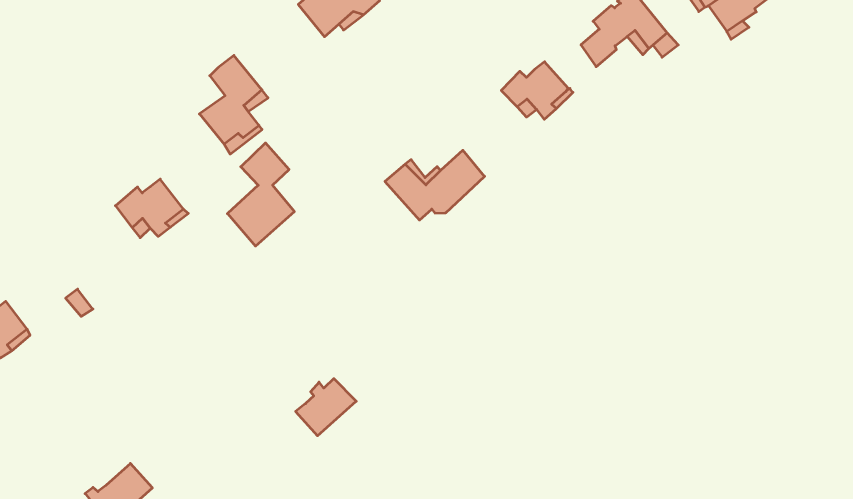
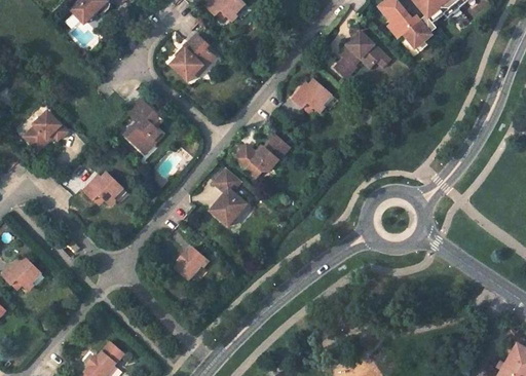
building: none -> [23,110,65,148]
building: [227,143,294,246] -> [210,167,248,227]
building: [296,379,356,436] -> [176,249,210,283]

